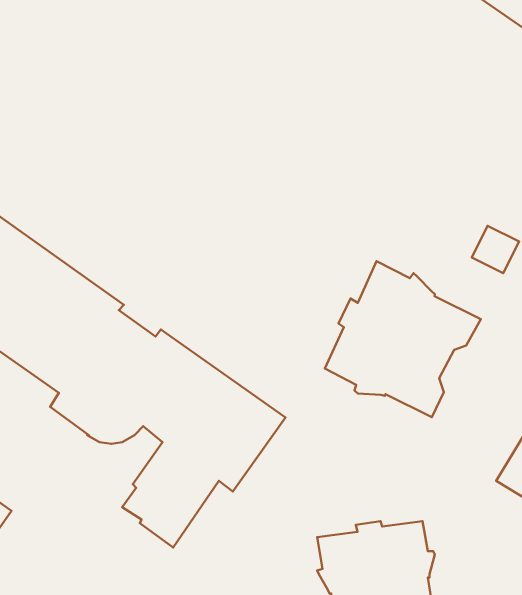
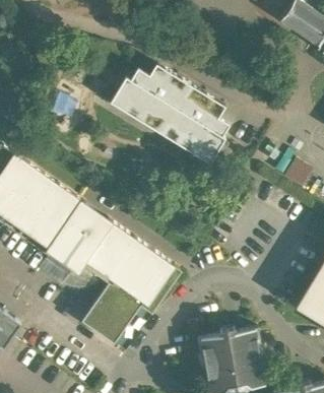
building: none -> [110,65,224,163]
building: [325,261,481,417] -> none

